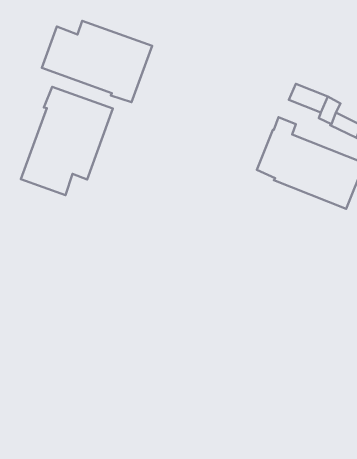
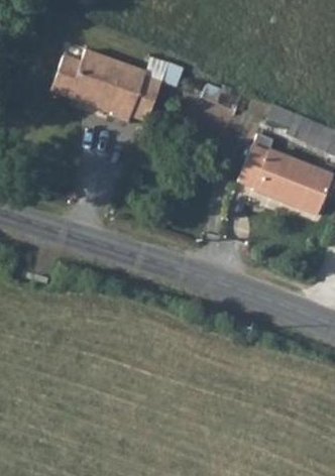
building: [21,87,113,195] -> none

